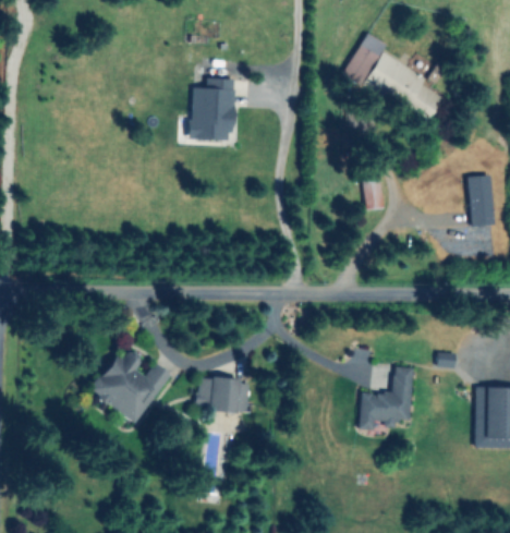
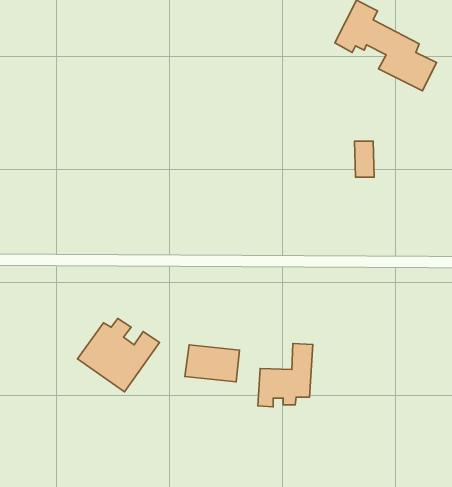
building: [187,77,234,140] -> none
building: [359,366,413,429] -> [258,343,313,407]

